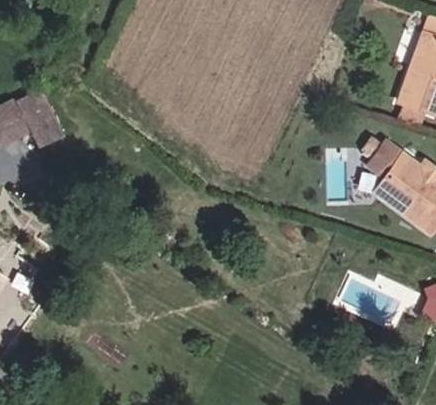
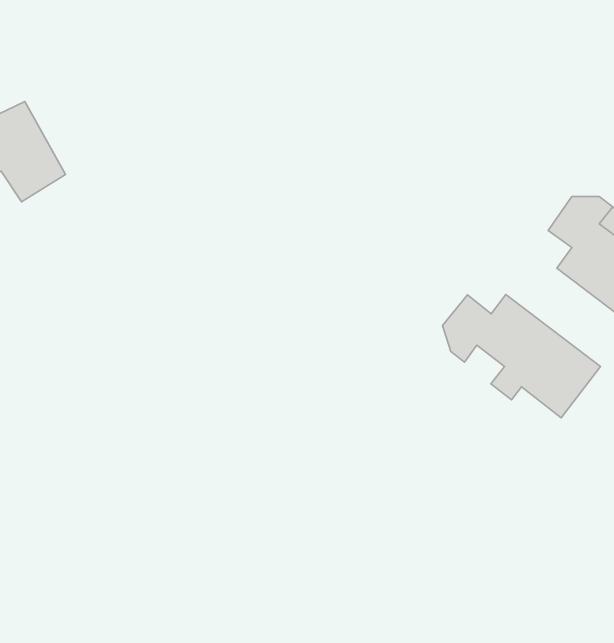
building: none -> [442,295,600,418]

